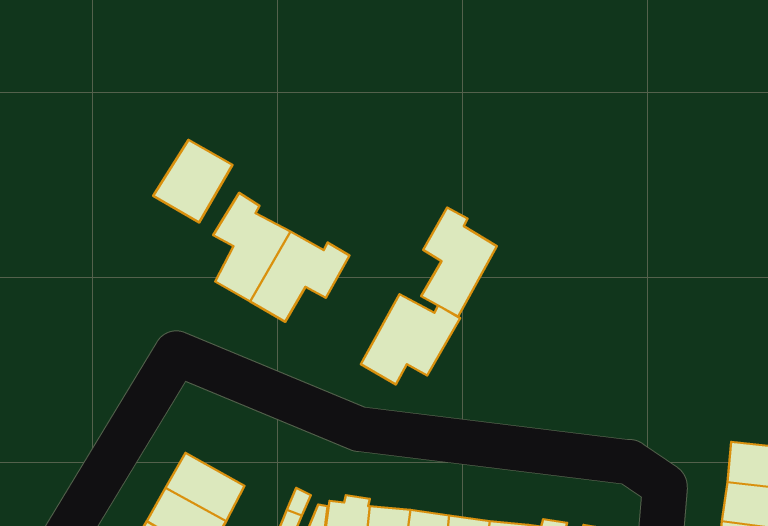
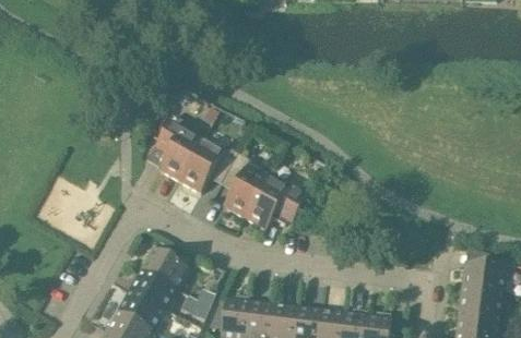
building: [153,140,232,223] -> none
building: [421,208,497,316] -> [223,153,268,217]
building: none -> [141,248,188,289]

